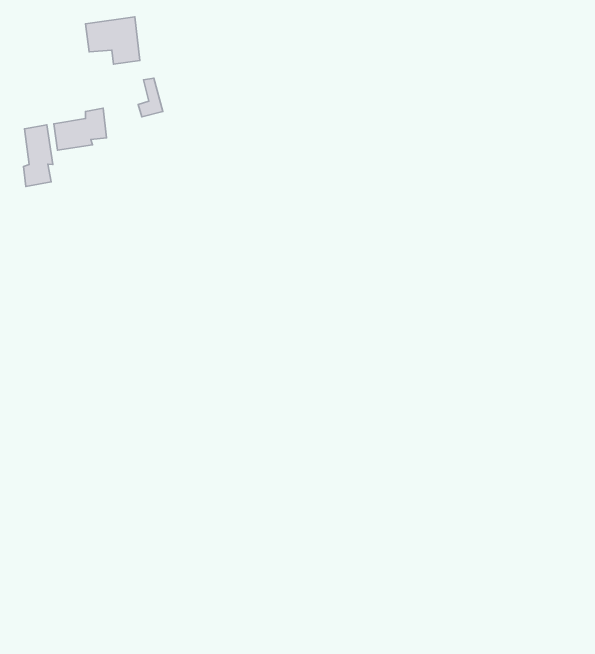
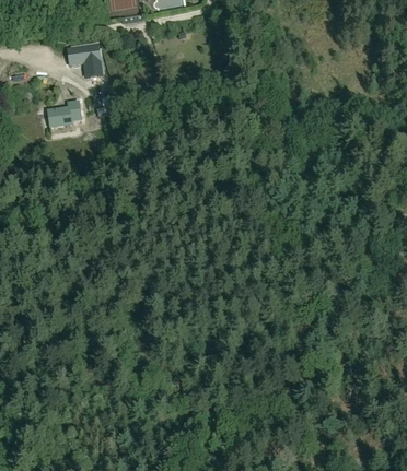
building: [24,125,53,187] -> none

